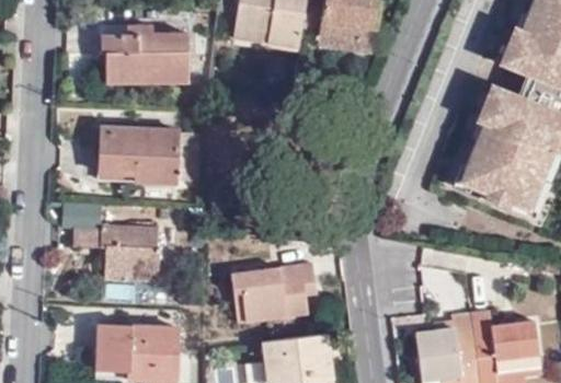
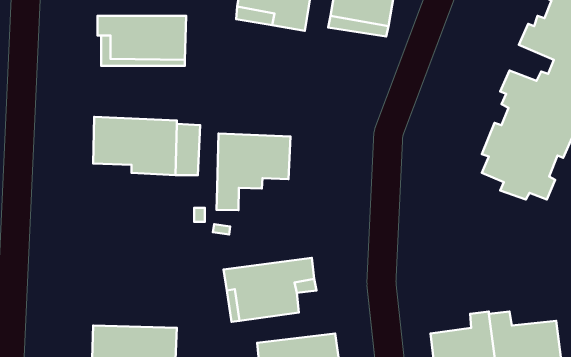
building: none -> [217,133,290,210]
building: [72,224,158,280] -> none

